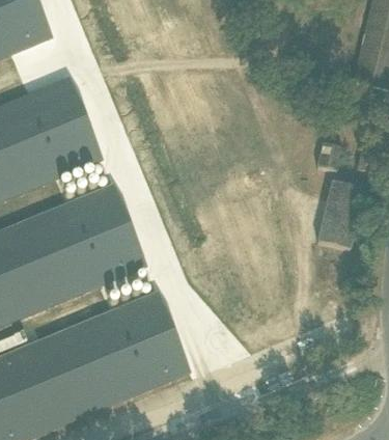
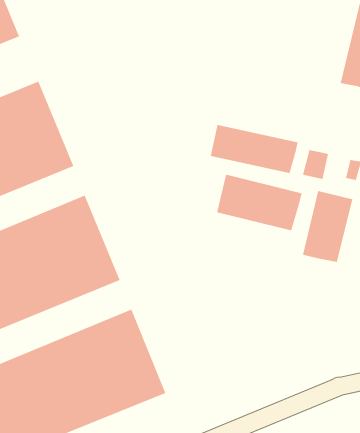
building: none -> [210,124,298,174]
building: none -> [217,174,302,231]

